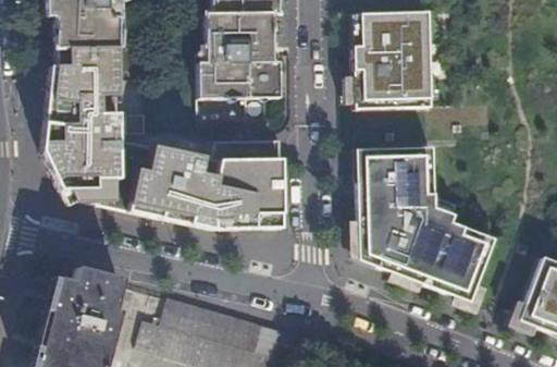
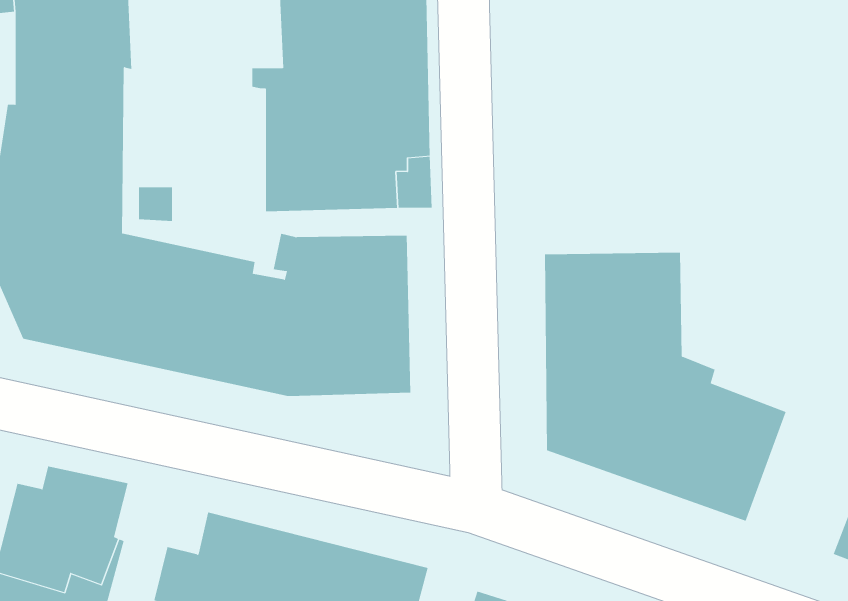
building: [355,11,432,108] -> none

